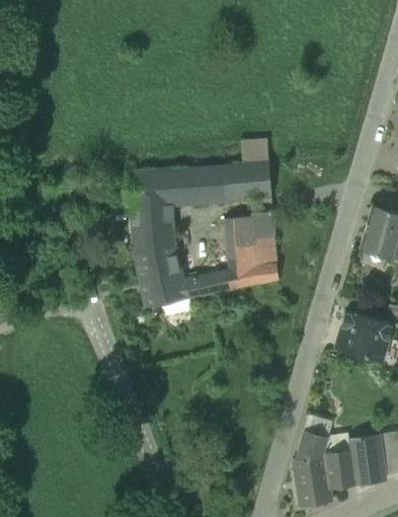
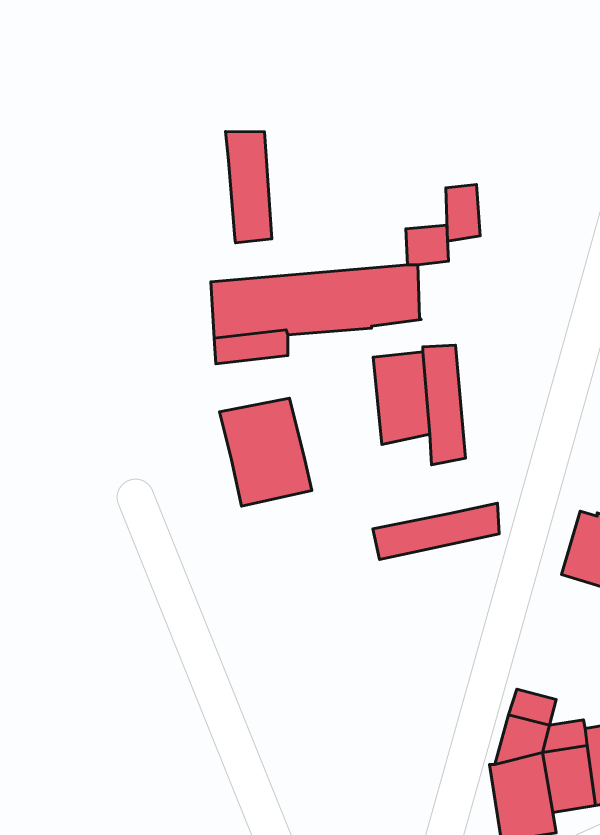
building: none -> [225,131,272,243]
building: [250,163,270,197] -> [446,185,480,241]
building: [131,219,174,252] -> none
building: [183,266,258,299] -> [373,503,499,560]

